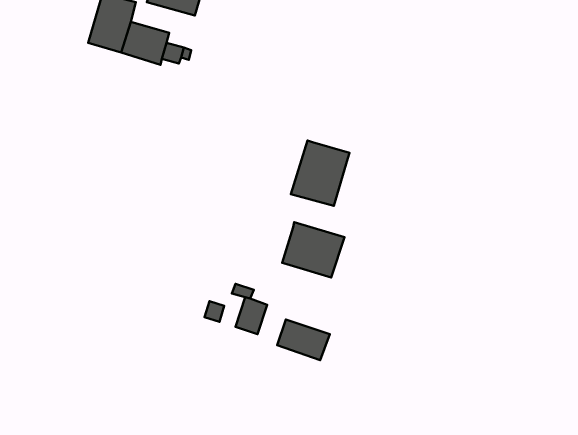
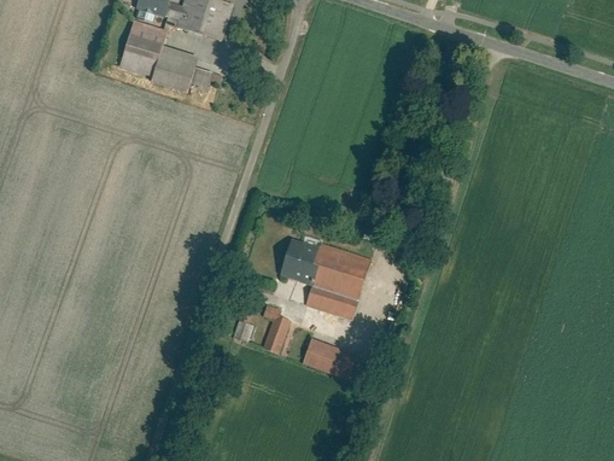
building: [291,140,350,206] -> none
building: none -> [279,239,318,282]
building: none -> [306,284,356,317]

